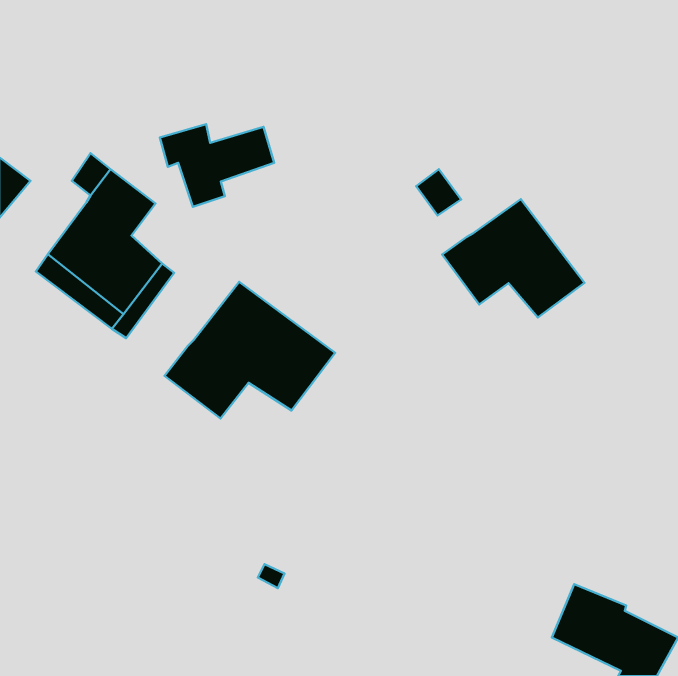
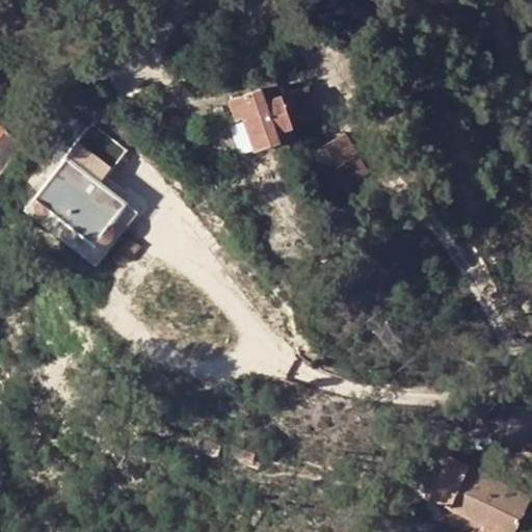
building: [160,124,274,207] -> [228,87,317,152]
building: [442,199,584,317] -> none
building: [165,282,335,419] -> none

